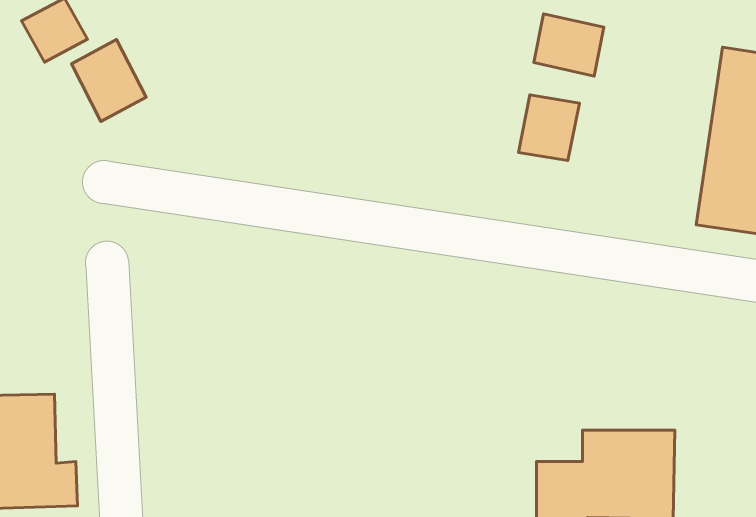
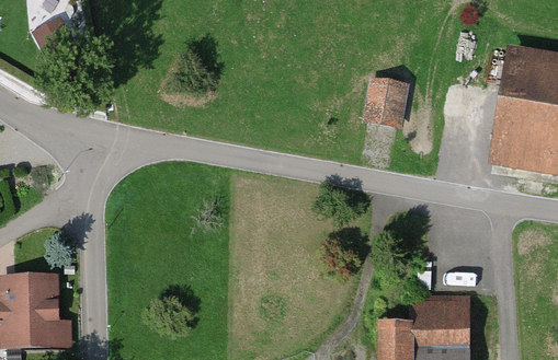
building: [534,14,604,76] -> none
building: [71,39,146,122] -> none

